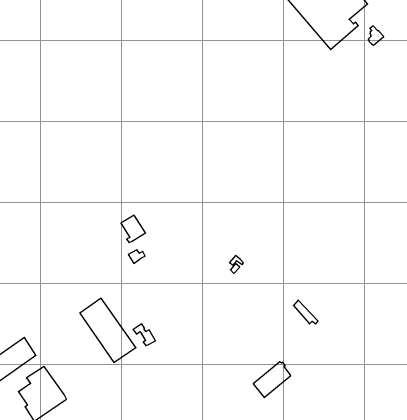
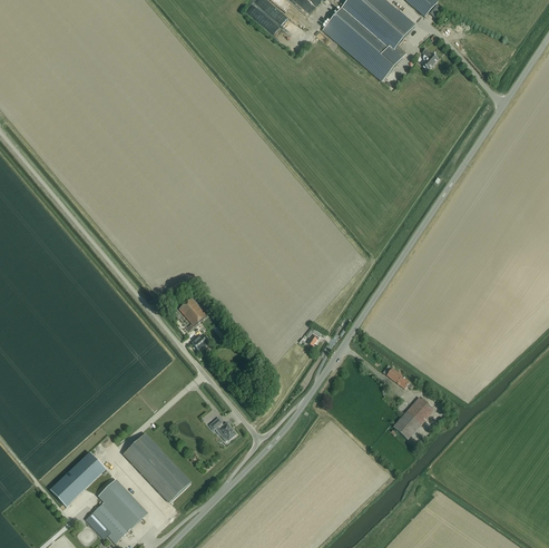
building: [80,298,136,362] -> [122,433,190,502]
building: [253,362,291,398] -> [392,397,432,439]

